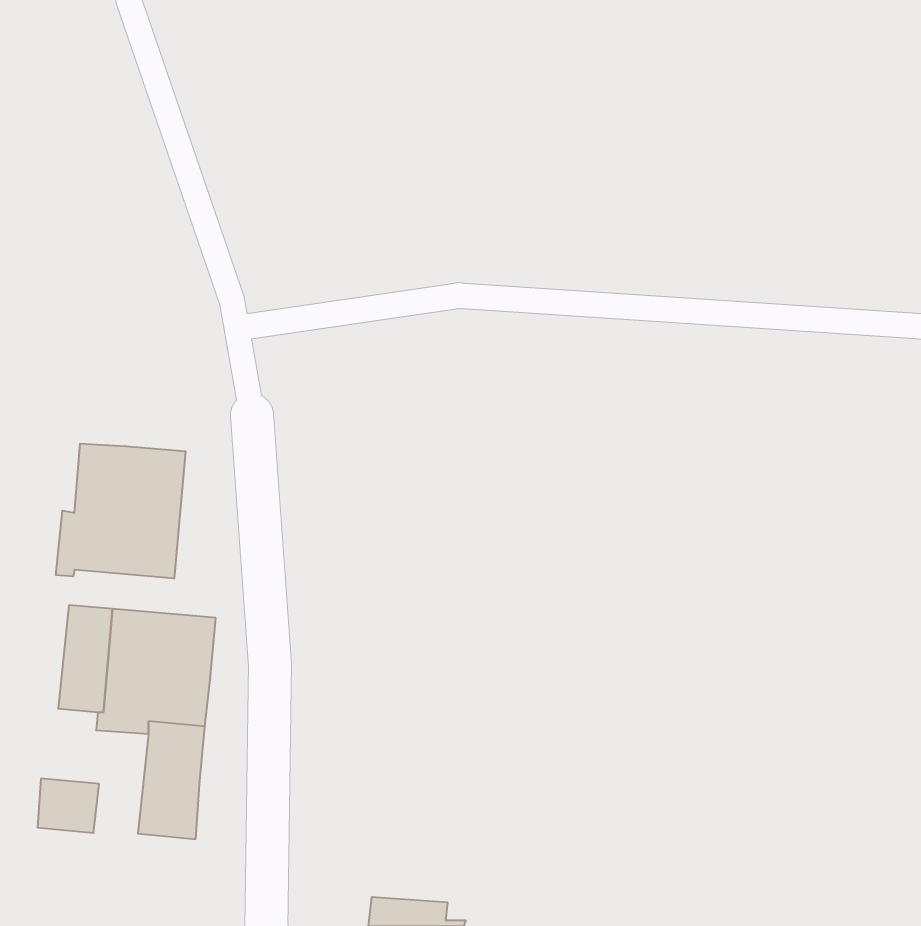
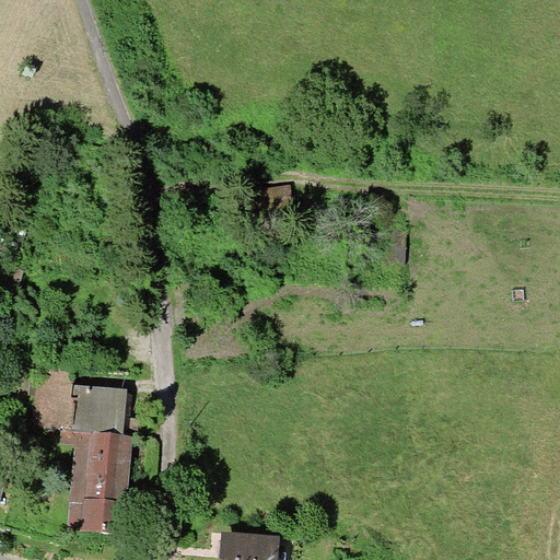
building: [56,444,186,579] -> none
building: [37,779,99,833] -> [81,503,118,536]

